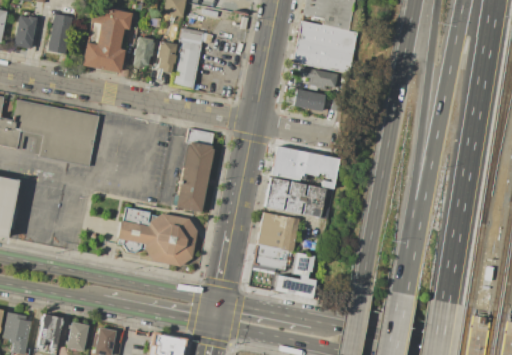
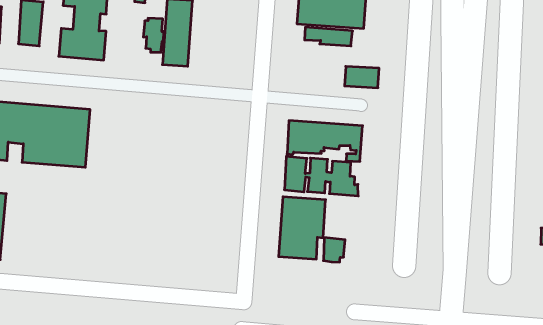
building: [134,37,155,68] -> none
building: [293,89,325,111] -> [345,66,379,88]
building: [178,129,218,211] -> none
building: [121,208,201,266] -> none
building: [273,274,314,296] -> none

